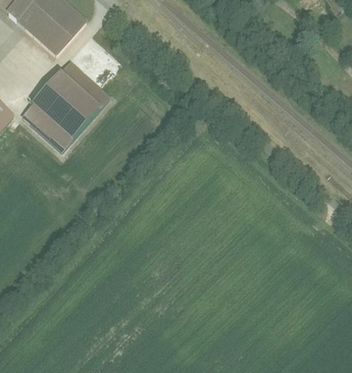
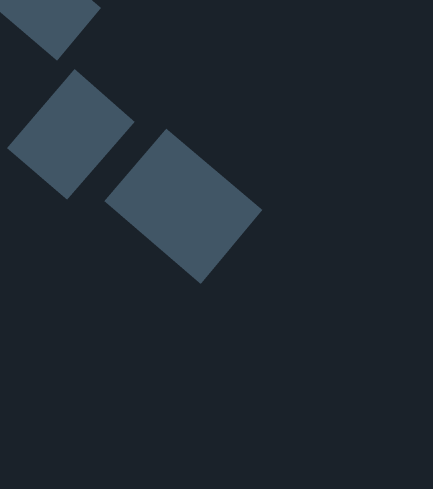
building: none -> [103,128,264,285]

